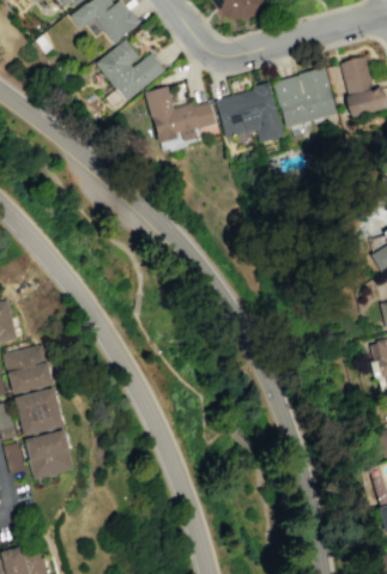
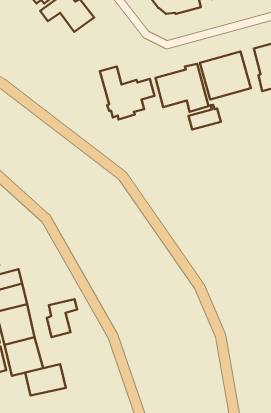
building: [95,40,165,101] -> none
building: none -> [188,105,221,129]
building: none -> [47,299,77,337]
building: none -> [25,364,66,396]

